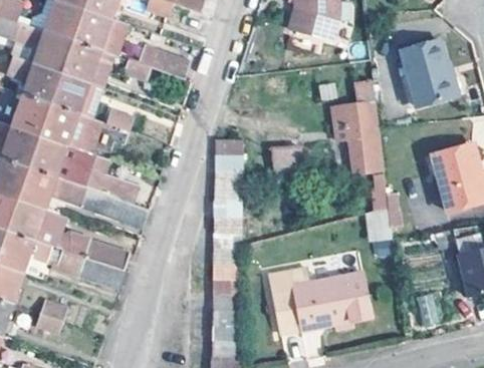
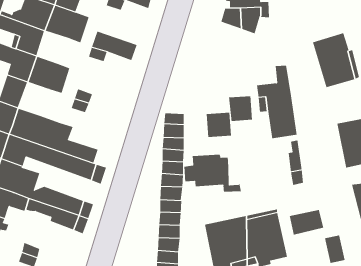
building: [61,39,112,85] -> none
building: [38,102,101,152] -> none
building: none -> [229,95,252,122]
building: none -> [184,154,241,192]
building: none -> [289,209,324,235]

